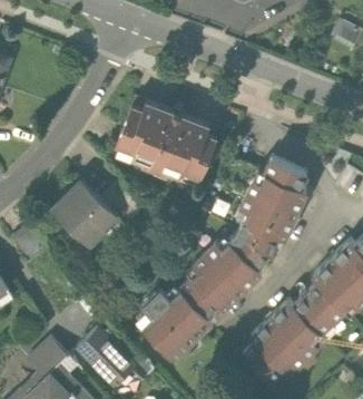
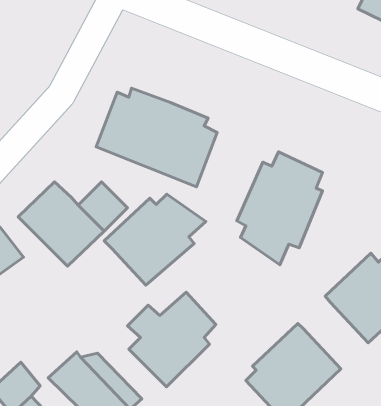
building: [184,231,271,309] -> [104,194,206,285]
building: [291,286,346,343] -> none

